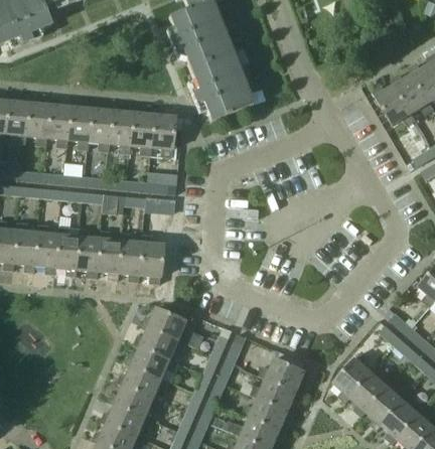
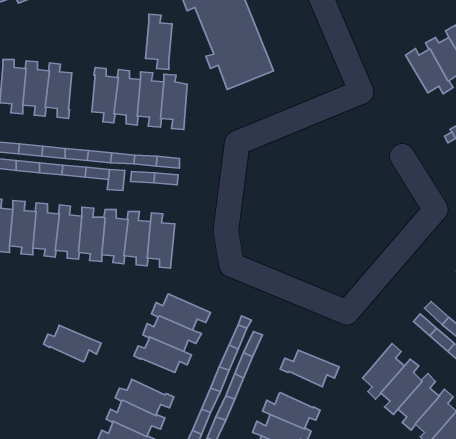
building: [66,100,91,150] -> [146,14,172,69]
building: [118,365,170,399] -> [43,325,101,362]
building: [251,378,303,411] -> none

